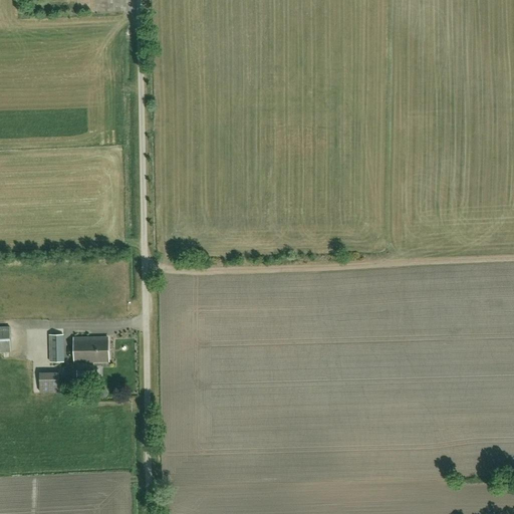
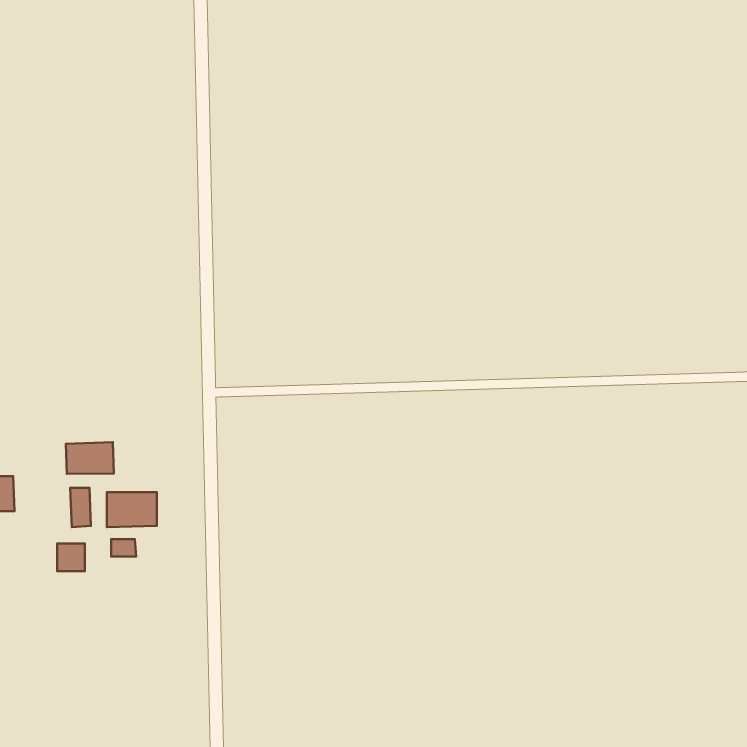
building: none -> [66,442,114,474]

